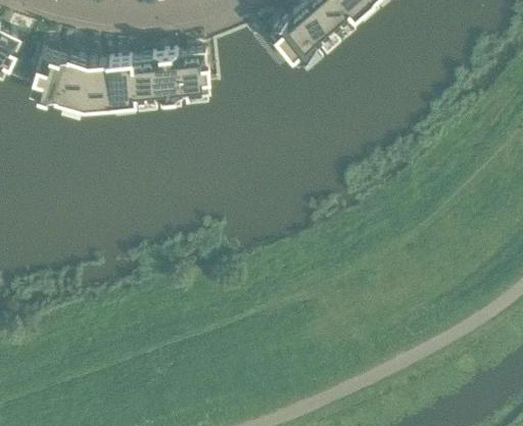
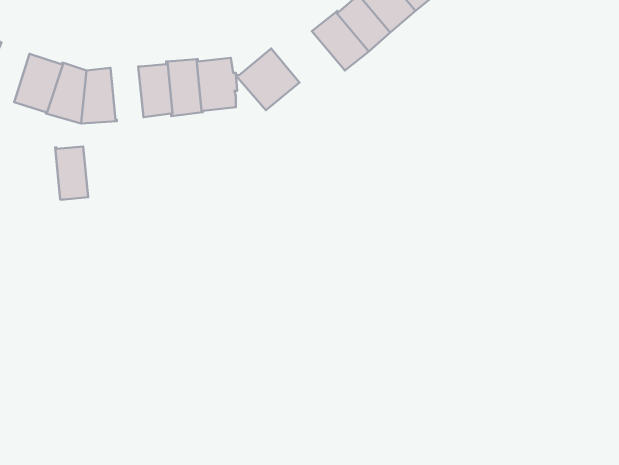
building: none -> [236,48,299,110]
building: [105,63,132,106] -> [55,146,88,200]

